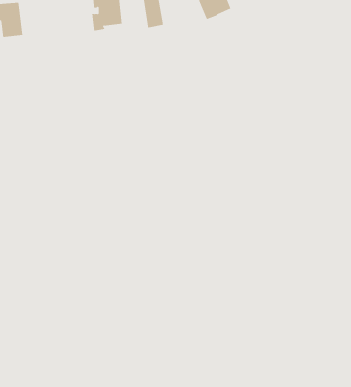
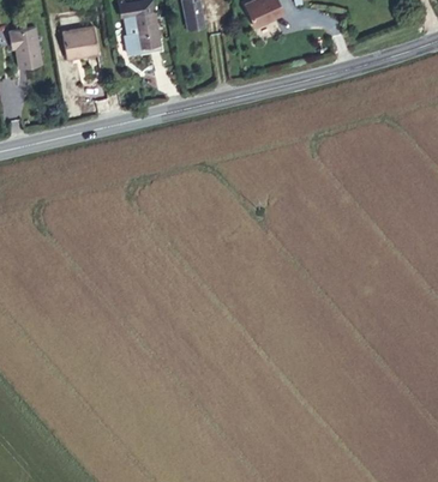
building: none -> [65,25,100,56]

